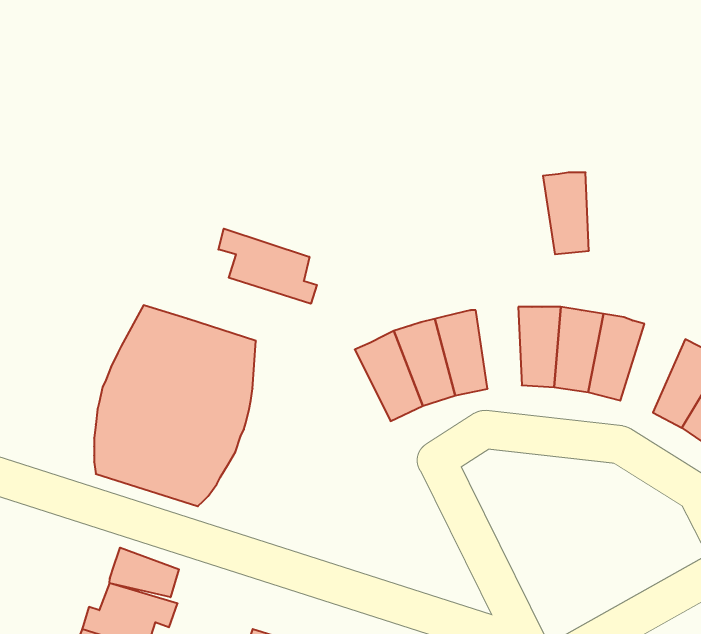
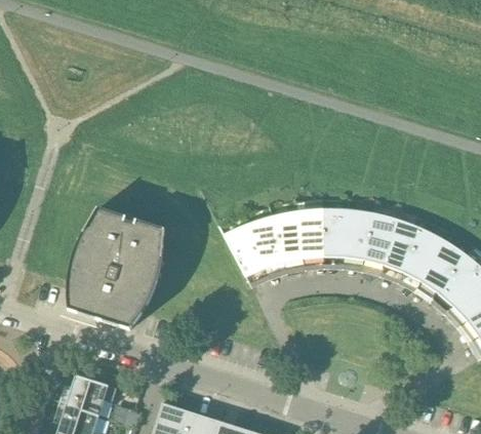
building: [543,172,589,254] -> [297,209,325,259]
building: [218,229,317,304] -> none
building: none -> [385,220,424,273]
building: [109,548,179,597] -> none

